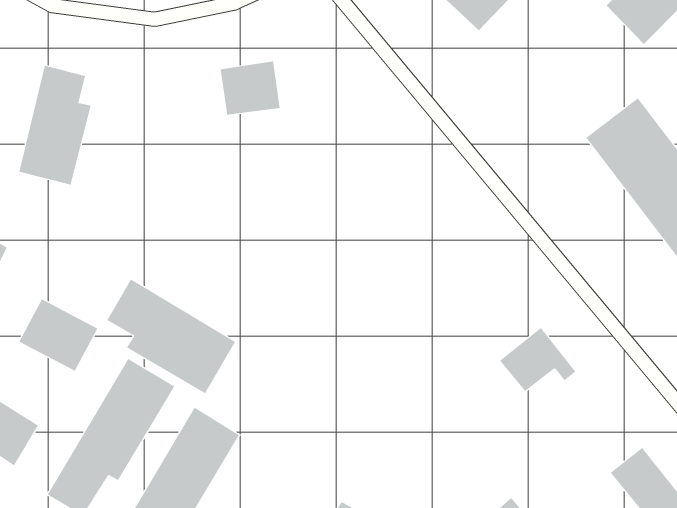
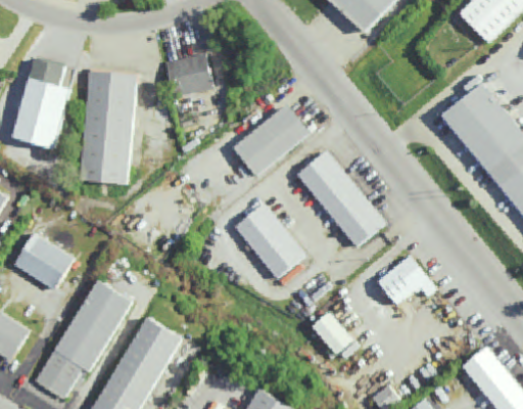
building: none -> [82,71,136,184]
building: none -> [234,104,311,176]
building: none -> [297,150,385,247]
building: none -> [235,202,306,279]
building: [107,279,236,394] -> none
building: none -> [313,313,352,354]

